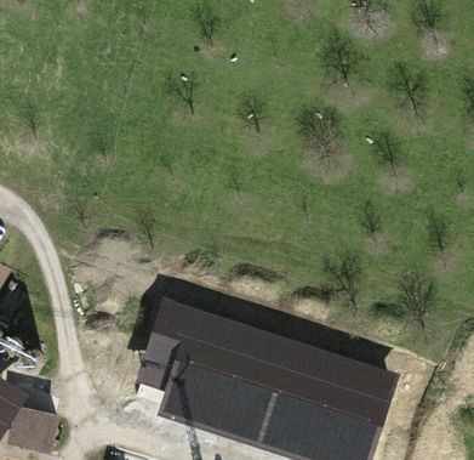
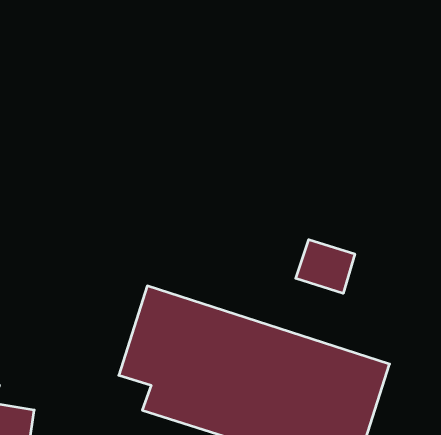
building: none -> [296,240,355,293]

